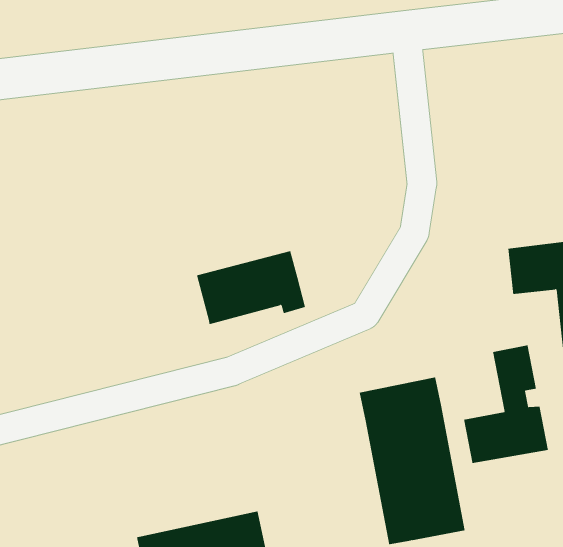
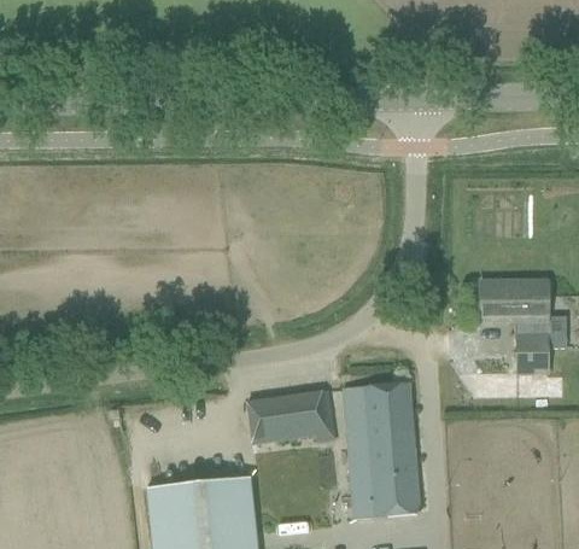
building: [196,251,306,325] -> [247,390,335,444]
building: [463,345,548,464] -> none

